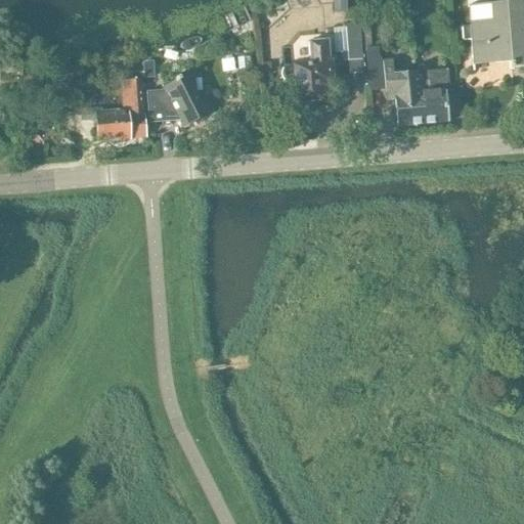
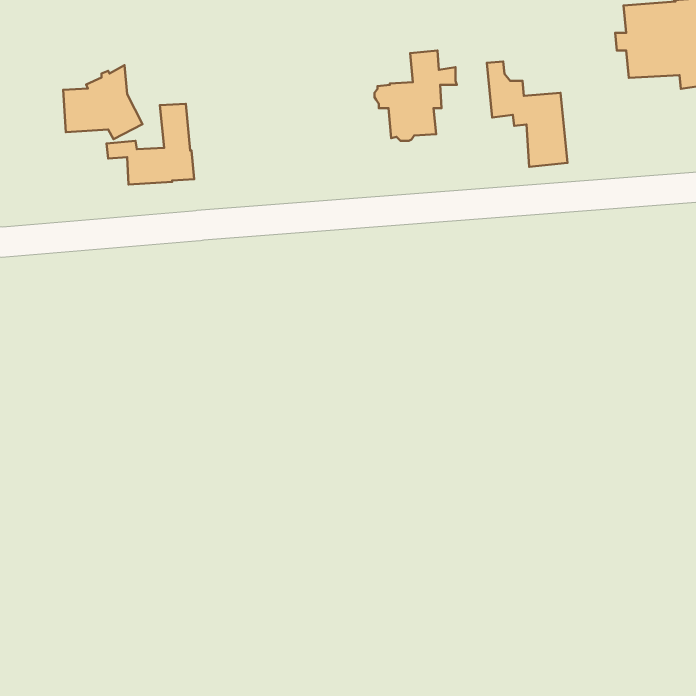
building: [343,20,364,71] -> none
building: [422,67,450,122] -> none
building: [147,71,207,126] -> [63,65,142,139]

